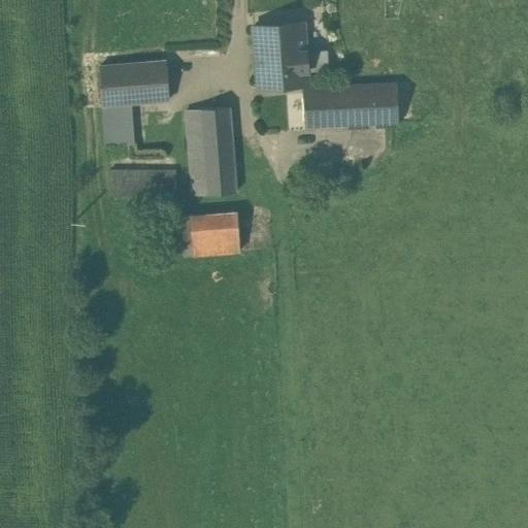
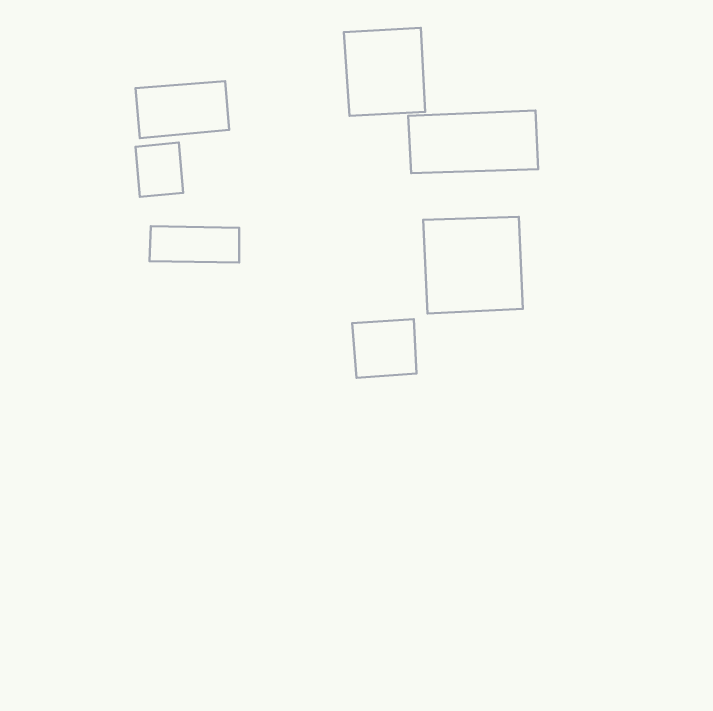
building: [185,110,236,194] -> none
building: none -> [423,217,523,314]
building: [192,212,239,256] -> [352,319,417,378]

